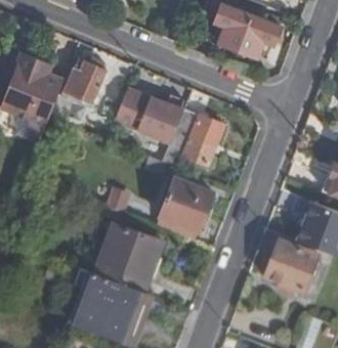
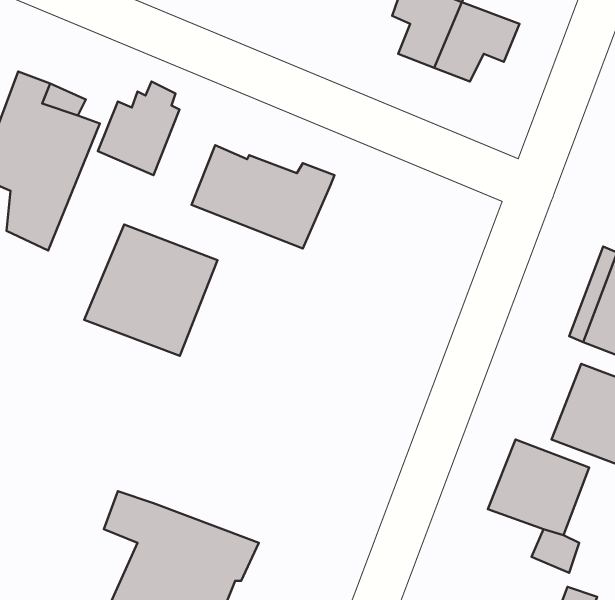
building: [166,110,224,169] -> none
building: [157,179,212,234] -> none
building: [92,224,161,292] -> [84,224,218,356]

